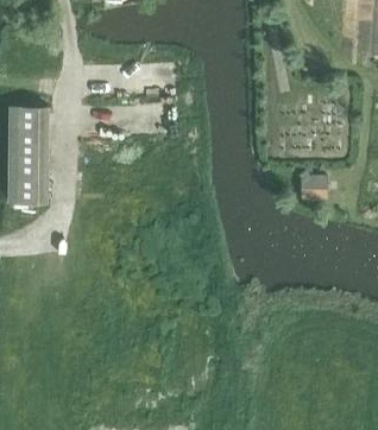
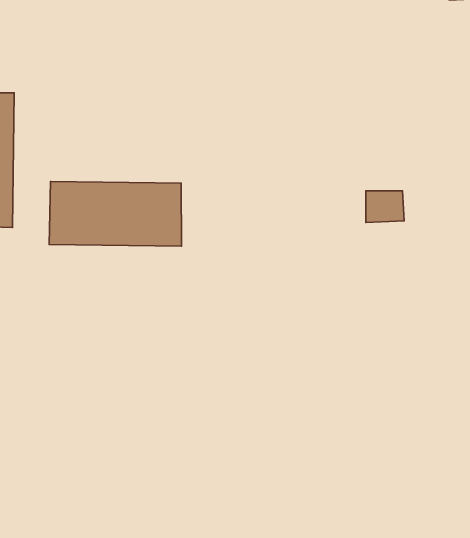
building: none -> [49,182,181,246]

